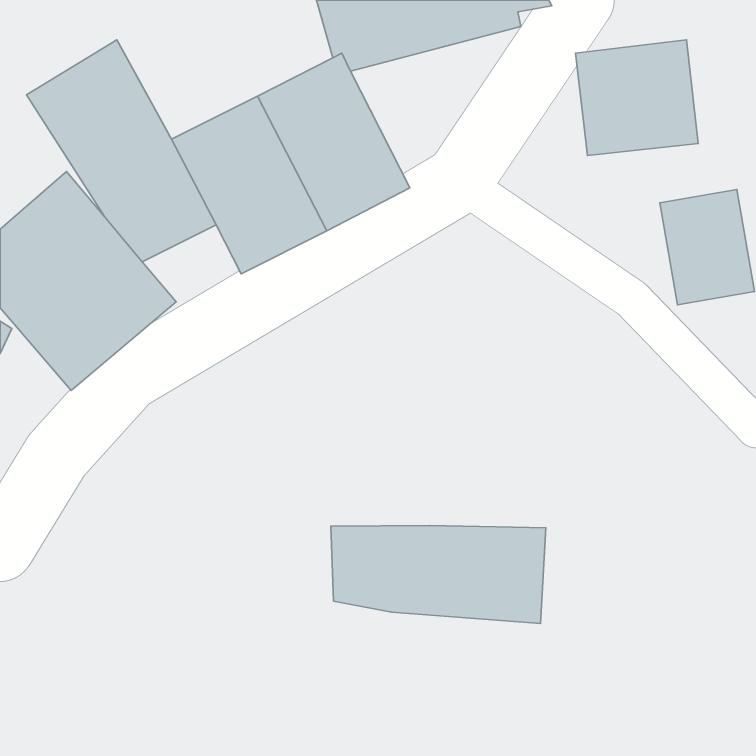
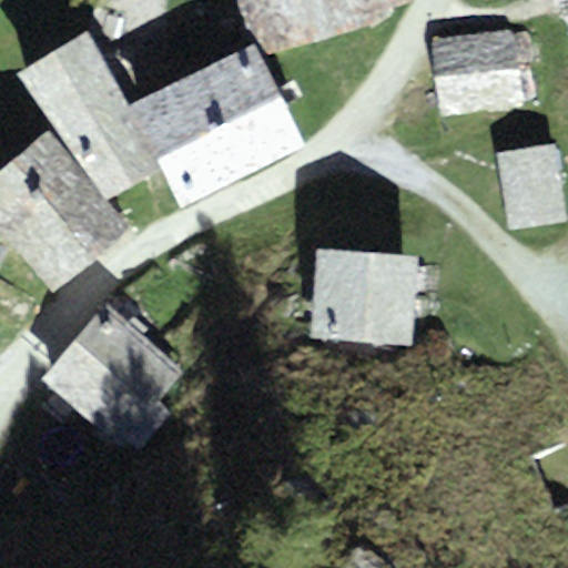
building: none -> [312,247,417,346]
building: none -> [43,305,185,446]
building: [331,526,546,623] -> none

